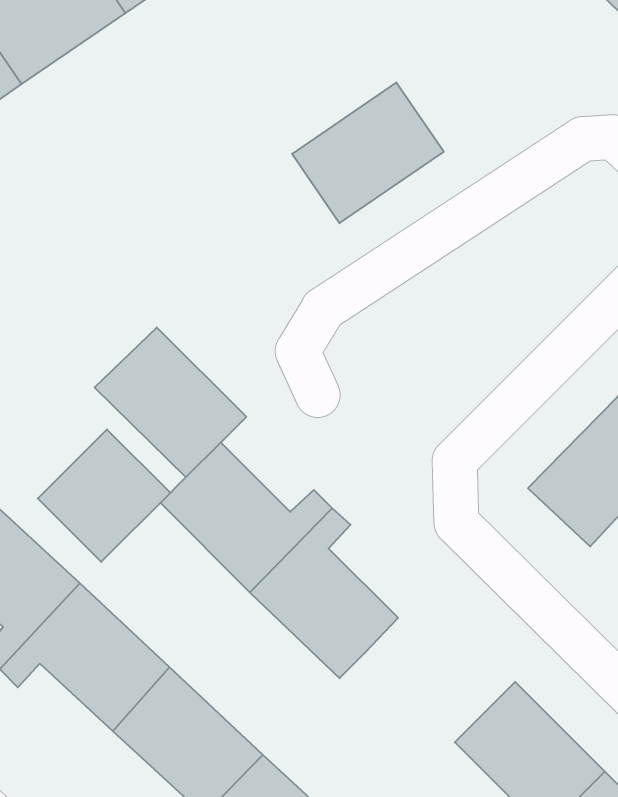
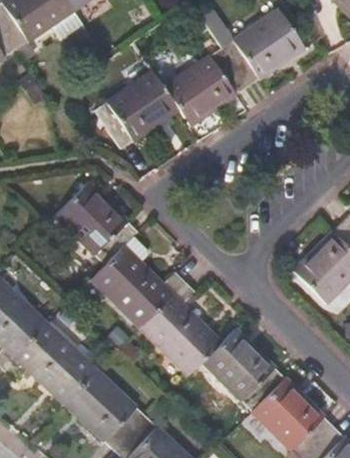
building: none -> [221,9,305,86]
building: none -> [94,70,179,149]
building: [38,429,170,562] -> none
building: none -> [204,328,286,410]

